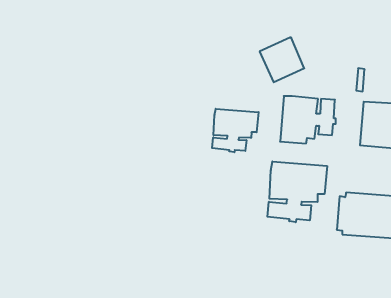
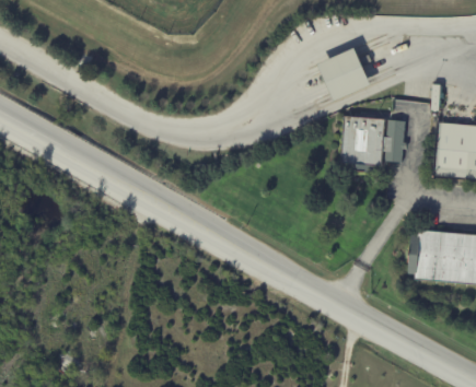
building: [212,109,259,152] -> none
building: [267,161,327,222] -> none

